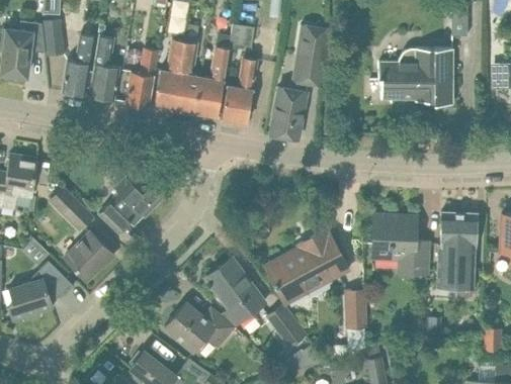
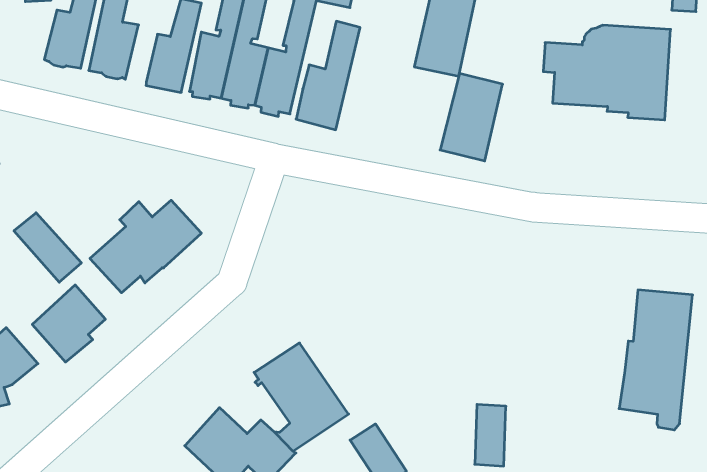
building: [270,87,307,140] -> [440,73,503,161]
building: [372,215,428,275] -> none
building: [268,229,349,303] -> none

